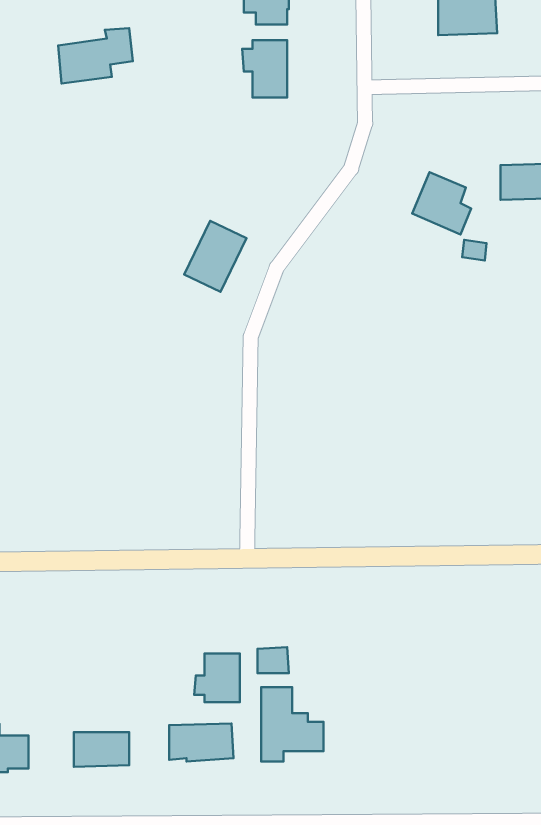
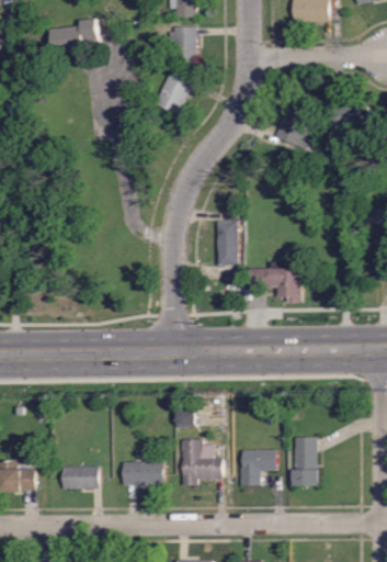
building: [184,221,247,292] -> [155,70,194,115]
building: none -> [217,222,239,267]
building: none -> [249,262,303,304]
building: [194,653,240,702] -> none
building: none -> [292,436,318,483]
building: none -> [240,448,275,484]

